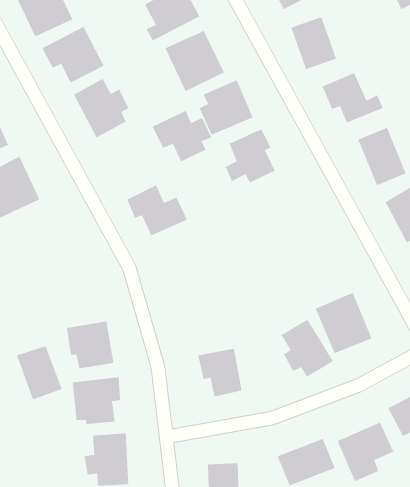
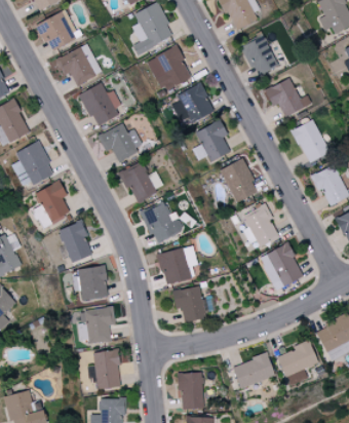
building: [152,110,212,162] -> [98,123,143,162]
building: none -> [221,158,259,202]
building: none -> [36,181,71,223]
building: none -> [142,201,185,244]
building: none -> [158,245,198,284]
building: [280,319,334,377] -> [241,203,281,247]
building: [16,345,62,400] -> [59,222,93,263]

